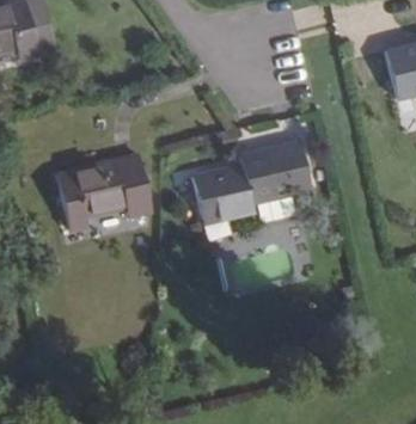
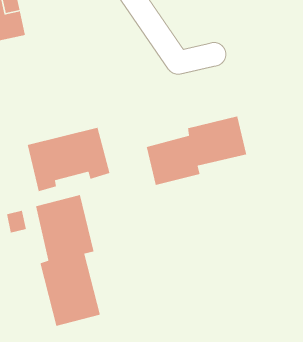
building: none -> [35,194,101,327]

